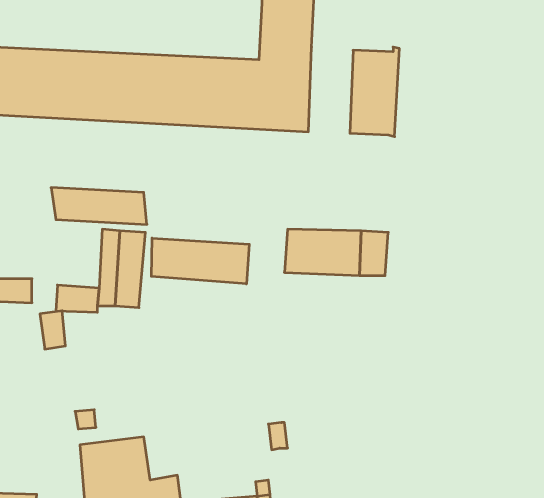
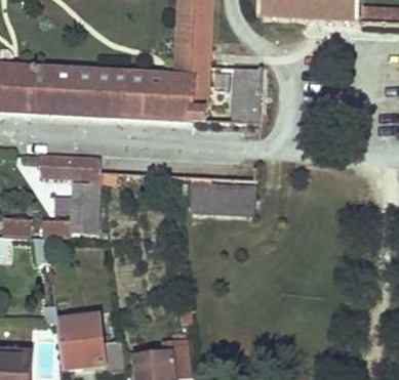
building: [151,238,249,284] -> none

